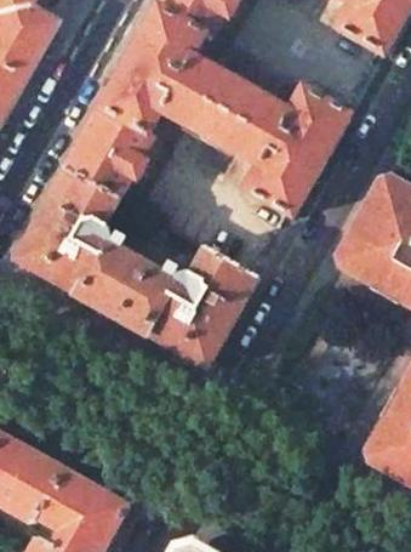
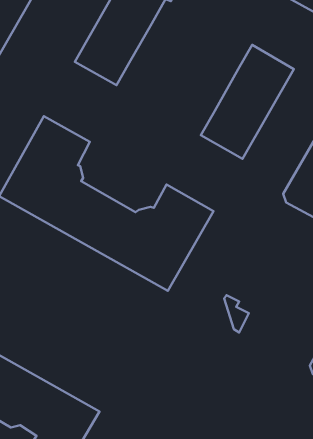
building: [161,61,285,163] -> none
building: [64,106,153,197] -> none

